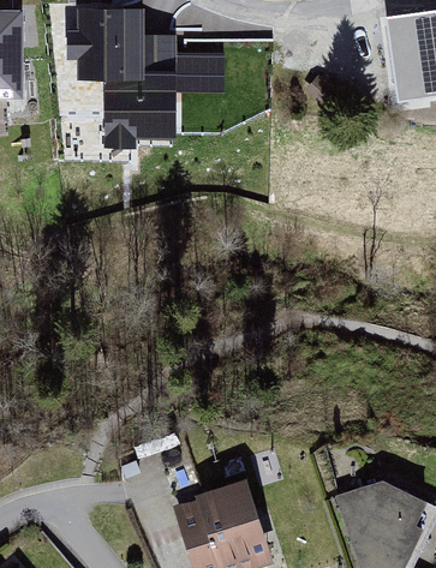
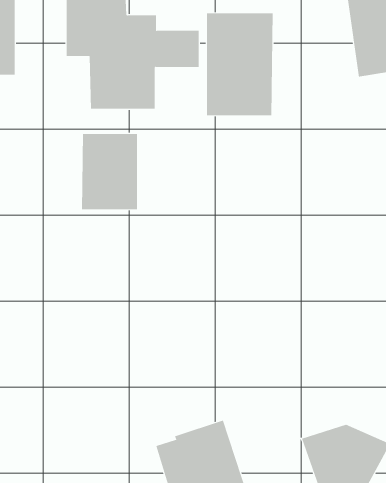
building: none -> [207,12,273,116]
building: none -> [82,133,137,210]

